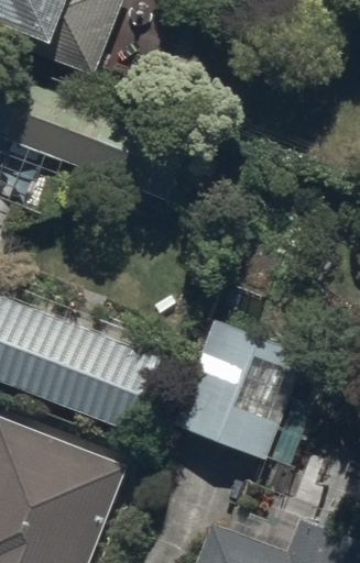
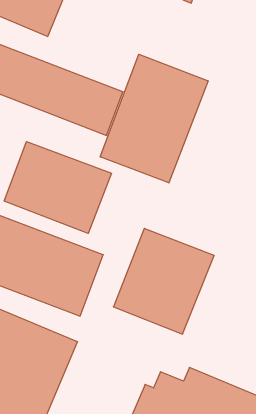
building: none -> [100,54,208,183]
building: none -> [4,142,111,233]

